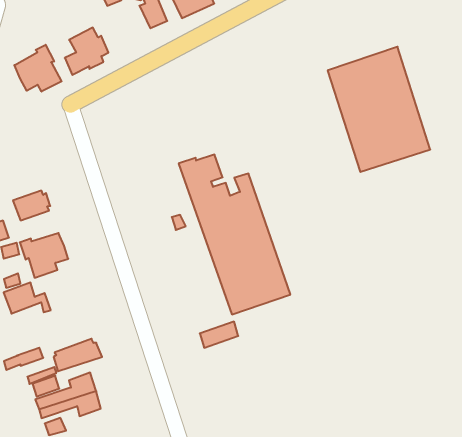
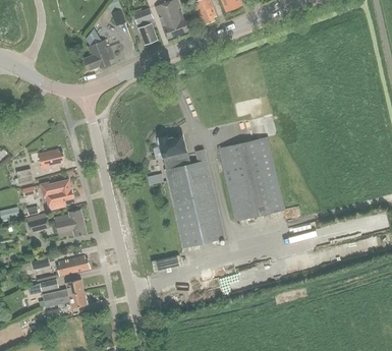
building: [14,45,62,92] -> none
building: [328,47,430,172] -> [217,136,283,221]
building: none -> [54,210,86,237]

